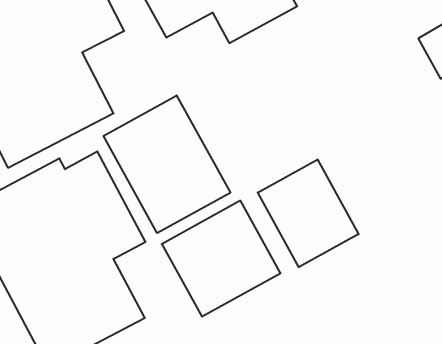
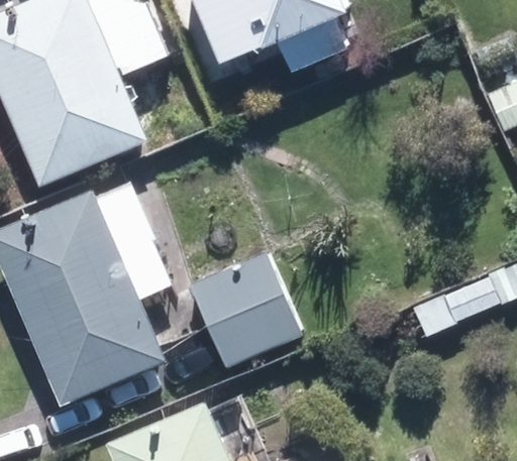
building: [103,95,230,233] -> none
building: [258,159,359,267] -> none

